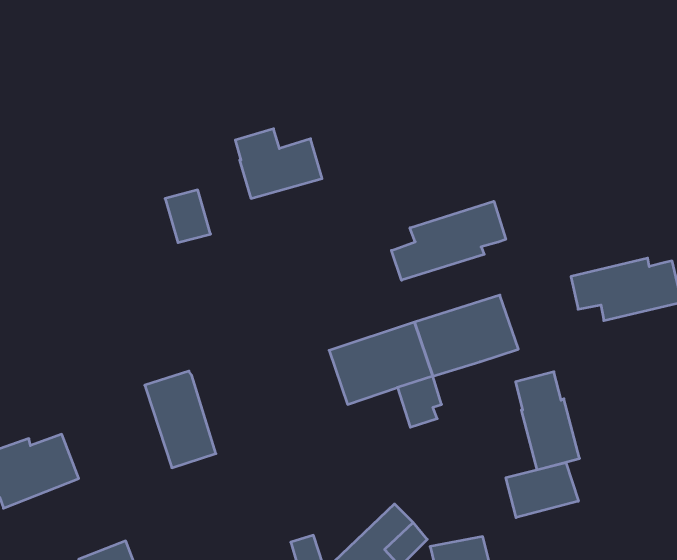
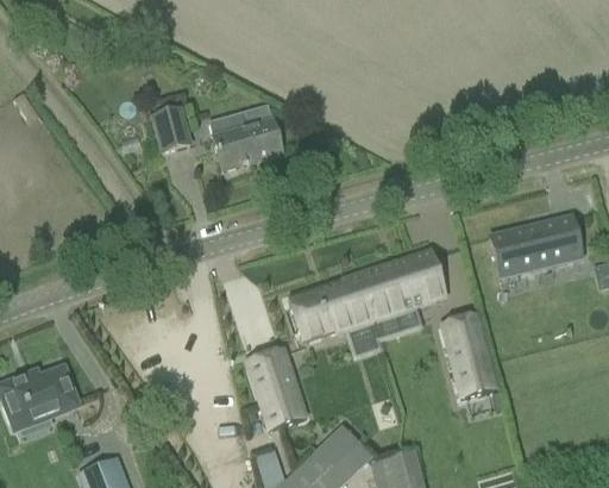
building: [165,190,211,243] -> [152,106,190,150]
building: [391,201,506,280] -> none
building: none -> [375,305,421,340]
building: [145,371,216,468] -> [246,346,306,427]
building: [506,463,578,518] -> none

